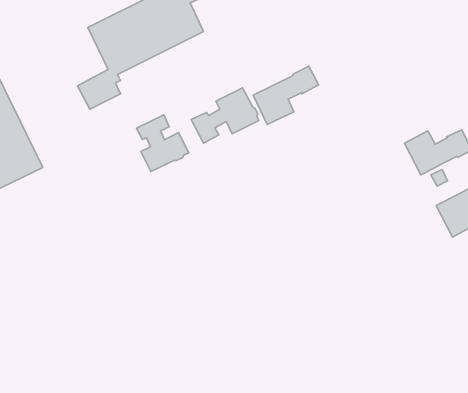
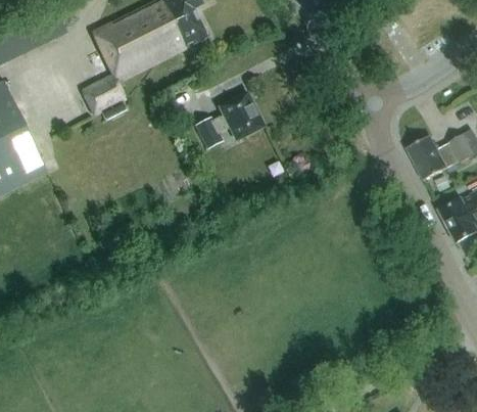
building: [253,66,318,124] -> none
building: [136,115,189,172] -> none

